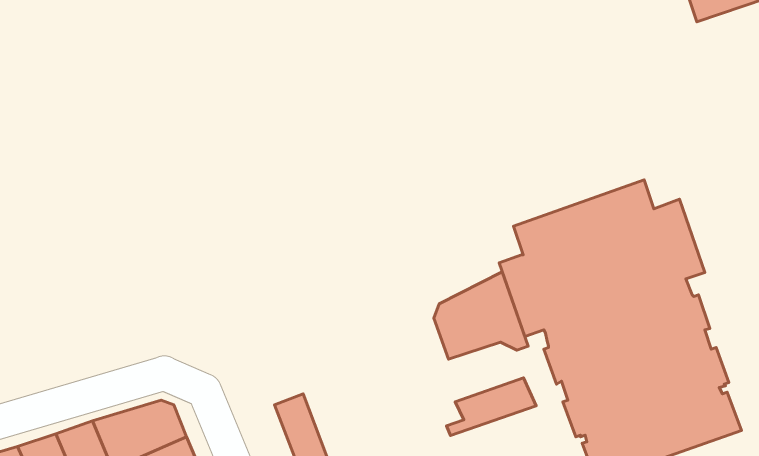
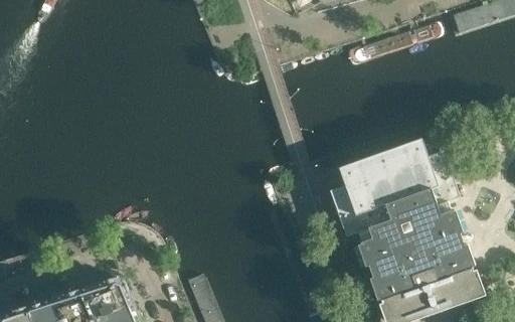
building: [434,272,528,359] -> none
building: [446,378,536,436] -> none

